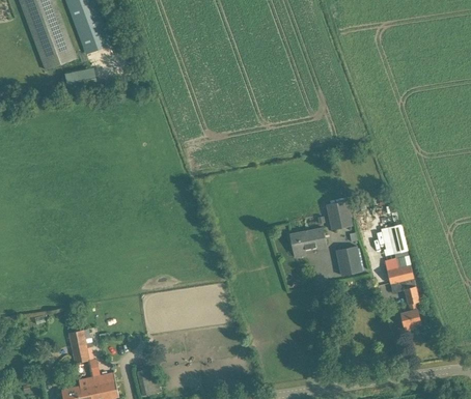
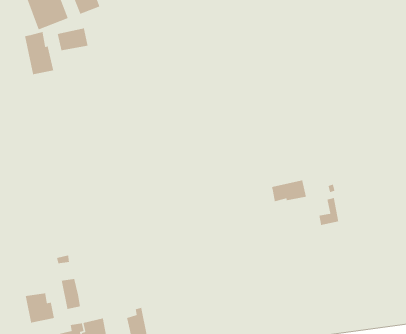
building: none -> [24,31,54,75]
building: [326,200,352,230] -> none
building: [381,224,420,331] -> none
building: none -> [25,292,55,323]

